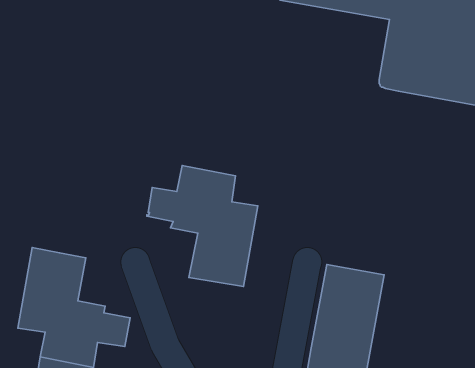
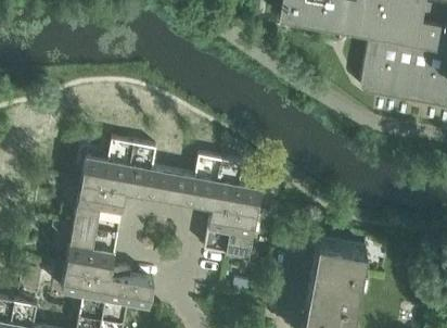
building: none -> [74,140,174,234]

